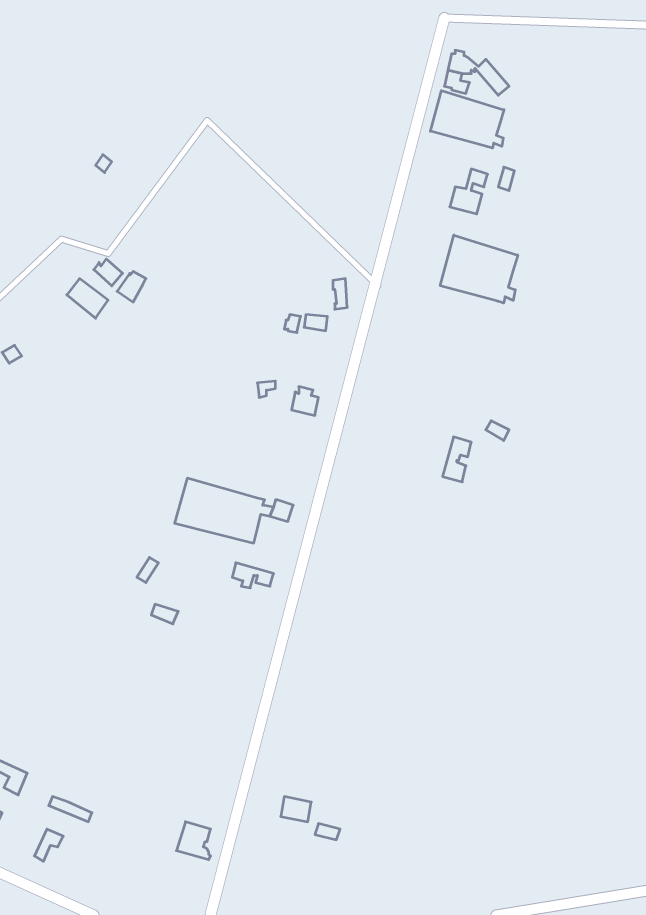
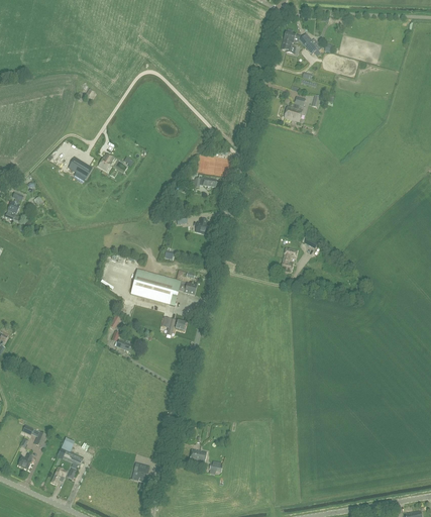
building: [430,91,504,148] -> none
building: [440,235,518,303] -> none

